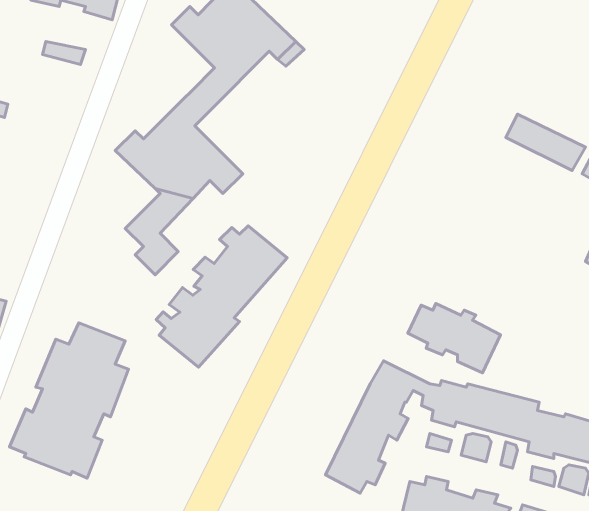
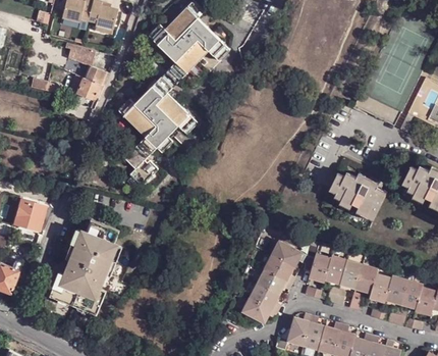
building: none -> [69,66,109,100]
building: [156,226,287,367] -> none
building: [408,303,501,373] -> [327,171,384,214]

